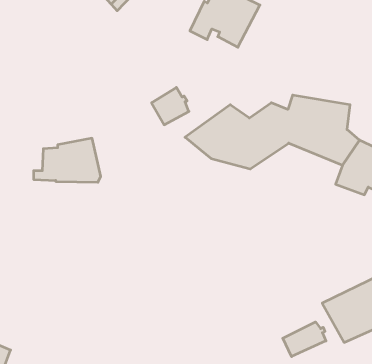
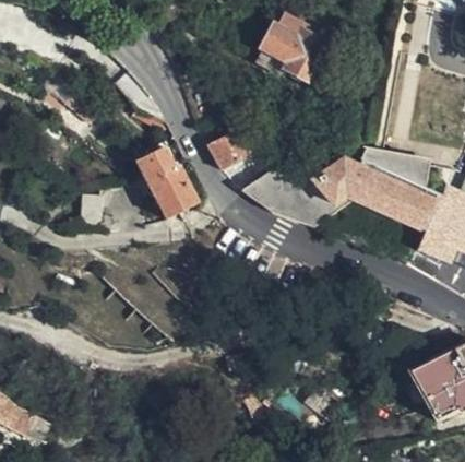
building: none -> [134,147,198,226]
building: [283,322,326,357] -> none

